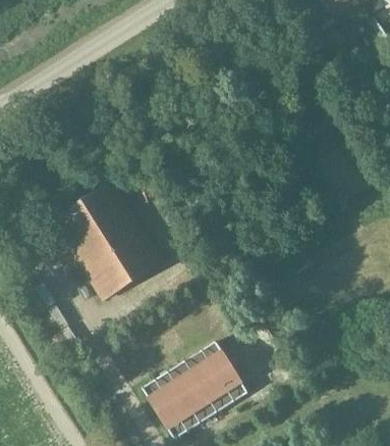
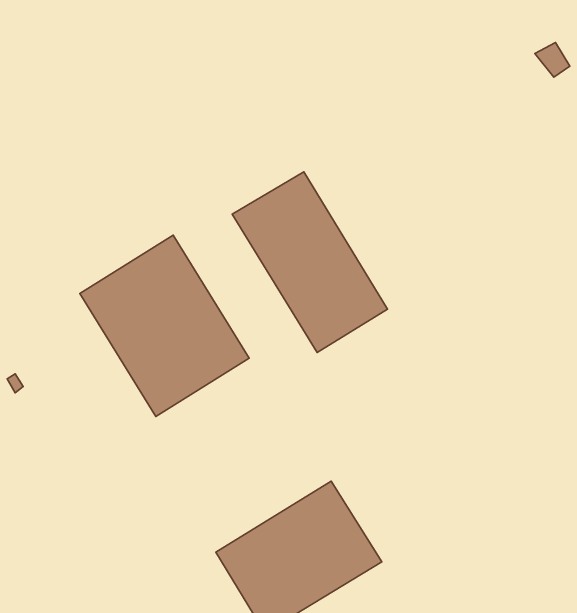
building: none -> [232,172,388,352]

